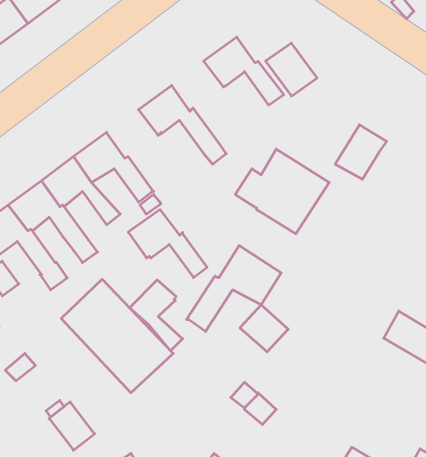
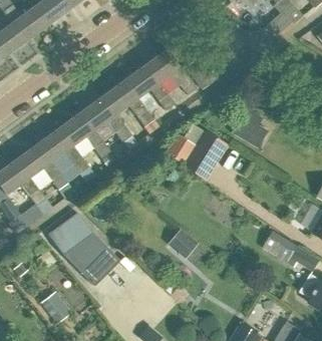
building: none -> [121,65,174,110]
building: [128,210,207,278] -> [78,97,130,142]
building: [187,246,281,332] -> none
building: [130,280,183,351] -> none

